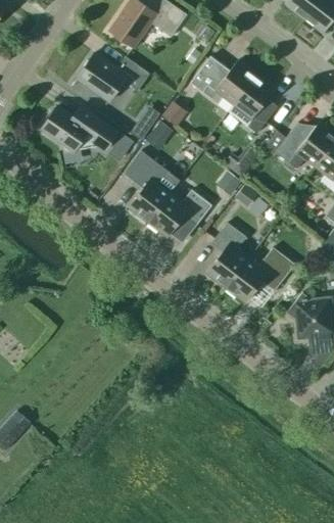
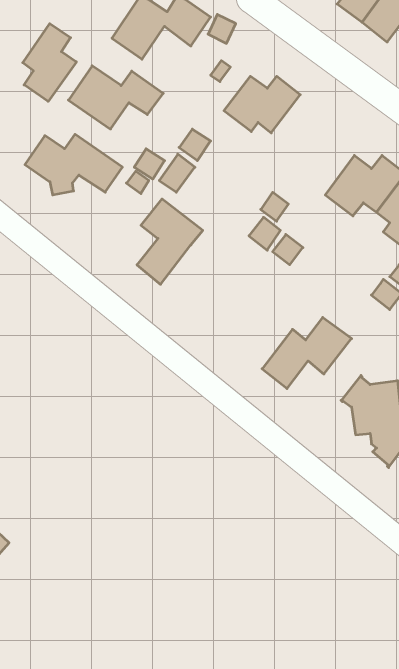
building: none -> [23,24,76,101]
building: [233,75,277,133] -> none
building: [147,189,211,236] -> none
building: [206,222,249,287] -> none

